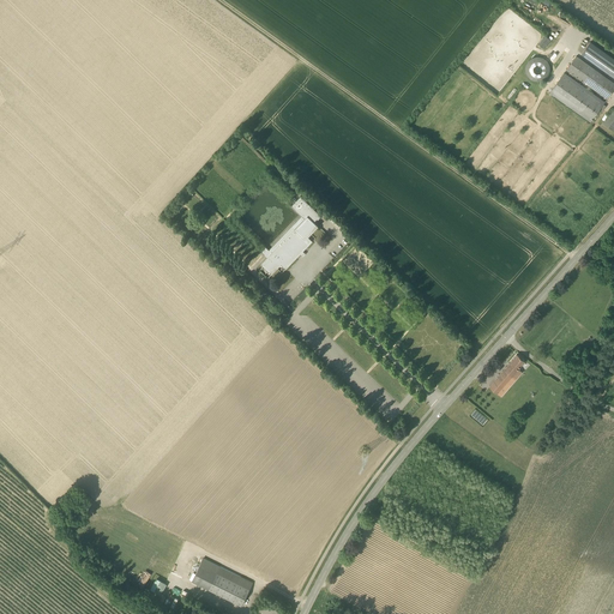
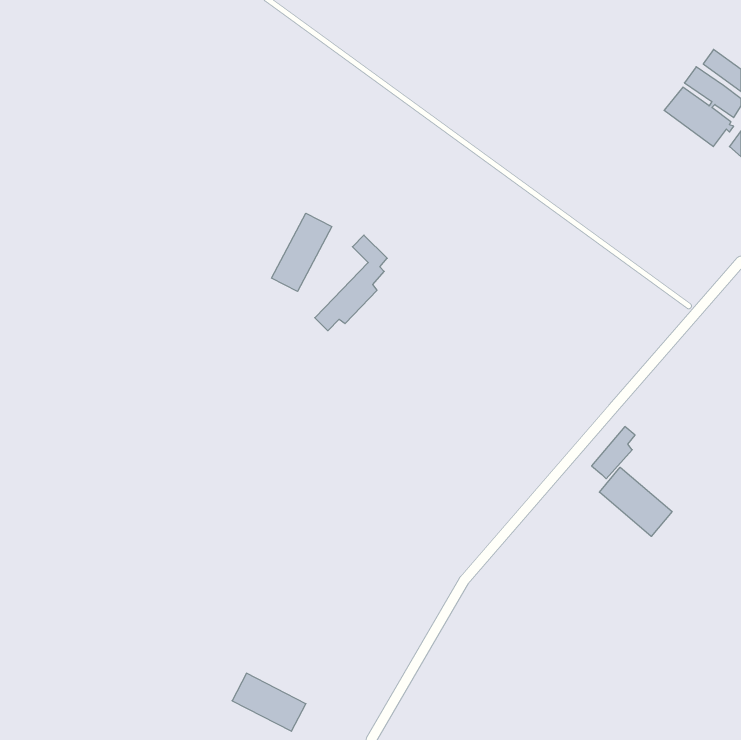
building: none -> [272,213,332,291]
building: none -> [599,467,672,536]

